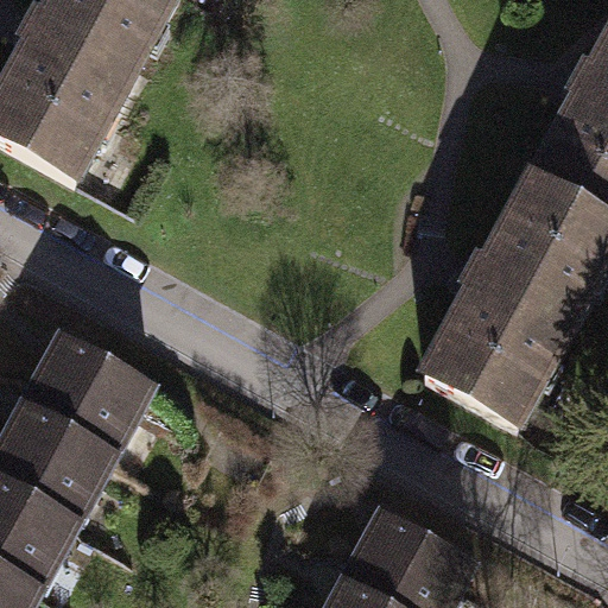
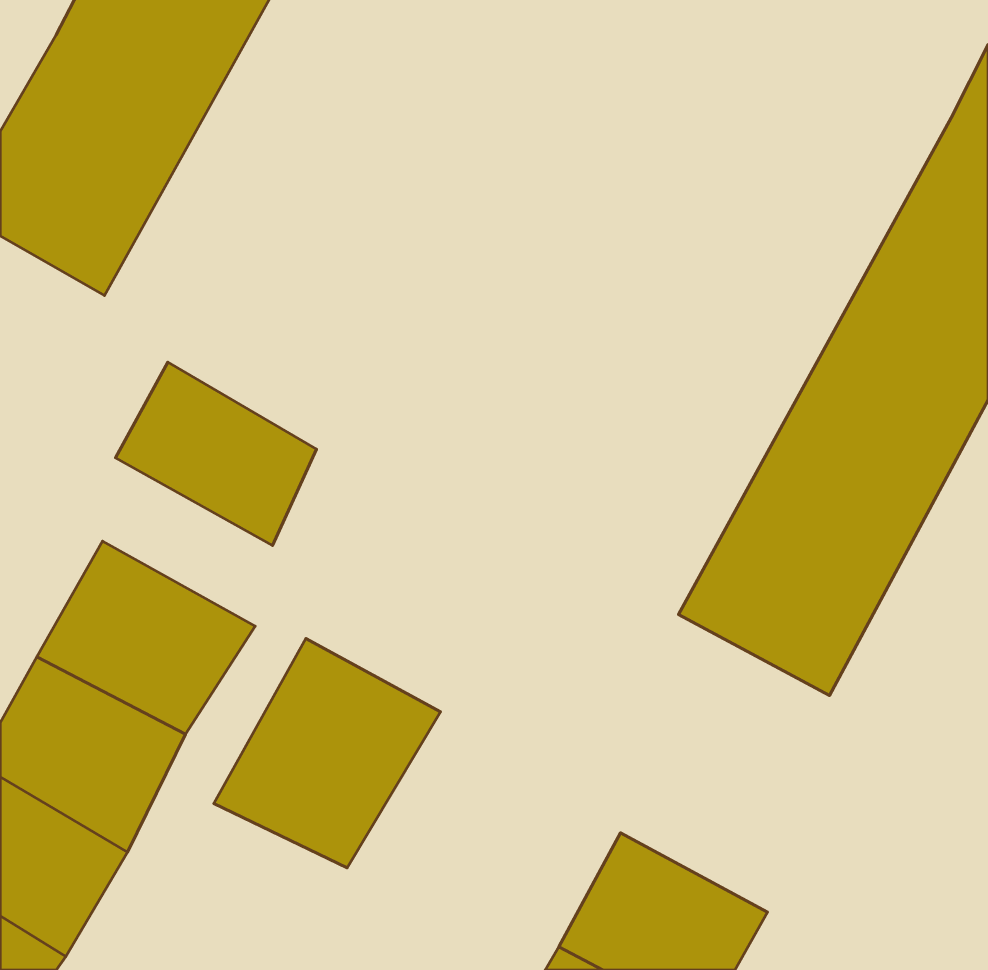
building: none -> [116,362,317,545]
building: none -> [214,638,440,868]

